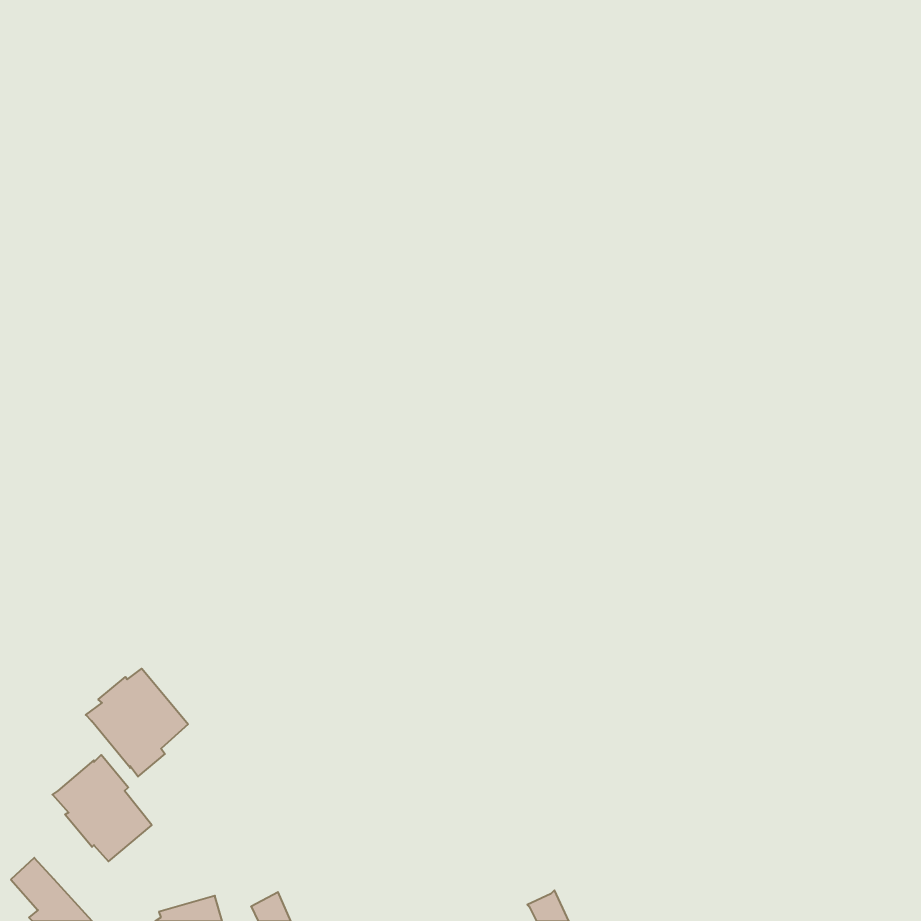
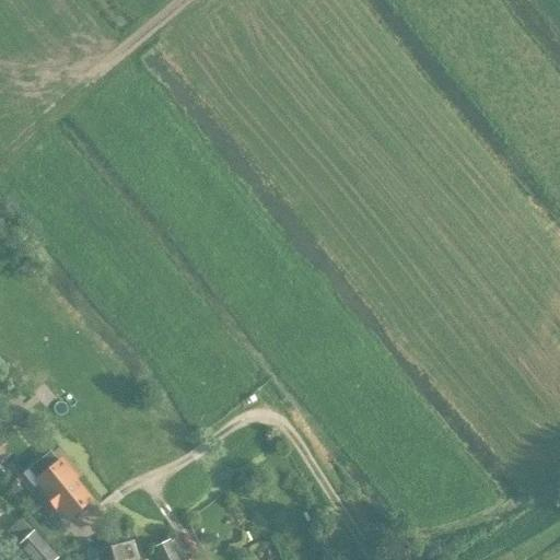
building: [86,669,188,777] -> none

